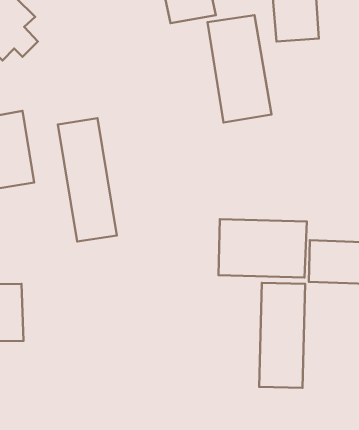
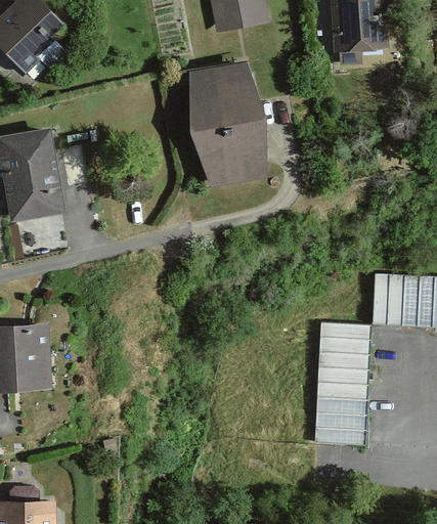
building: [207,15,272,123] -> [191,62,264,184]
building: [58,118,117,242] -> none
building: [219,219,307,277] -> none

